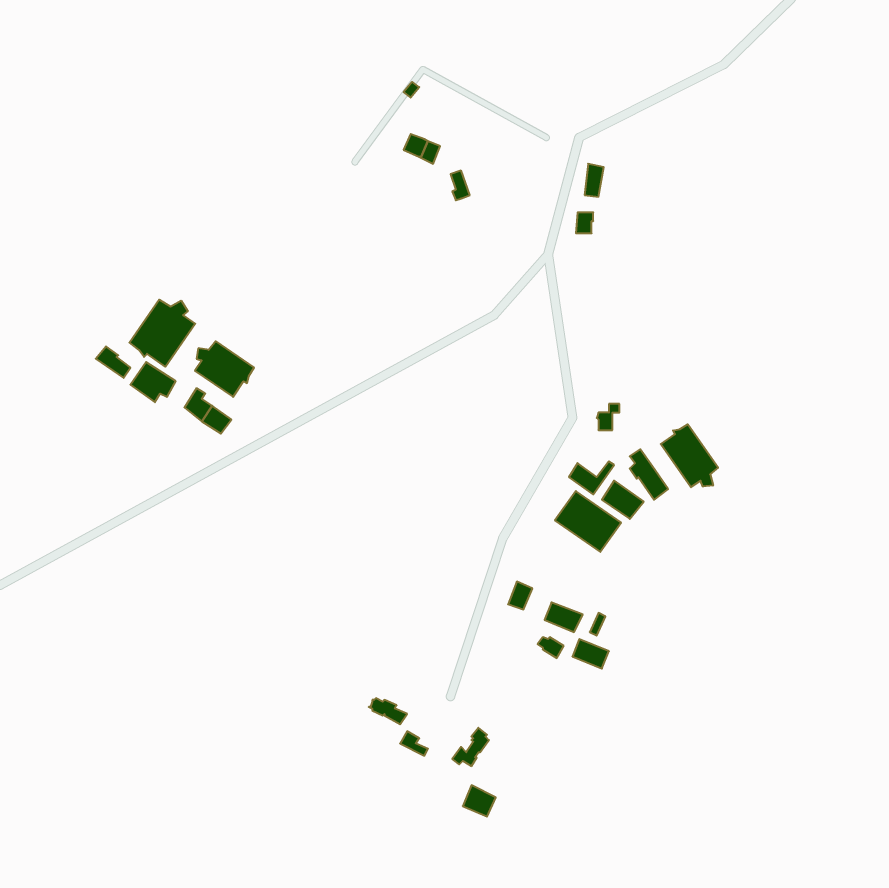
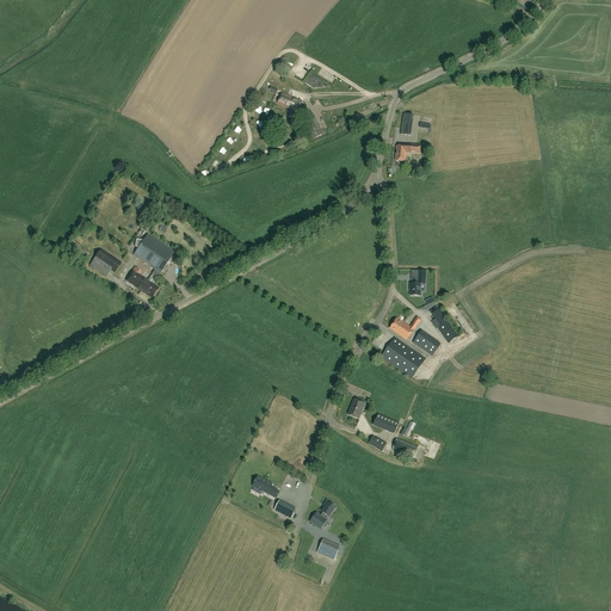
building: [129,300,195,367] -> none
building: [661,424,718,487] -> none

